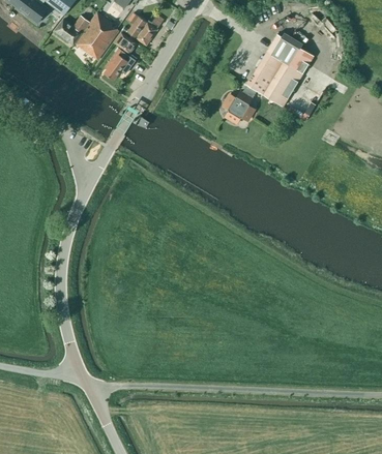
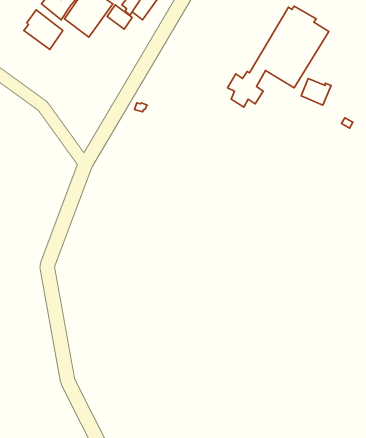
building: none -> [24,10,63,49]
building: [105,48,136,80] -> none

